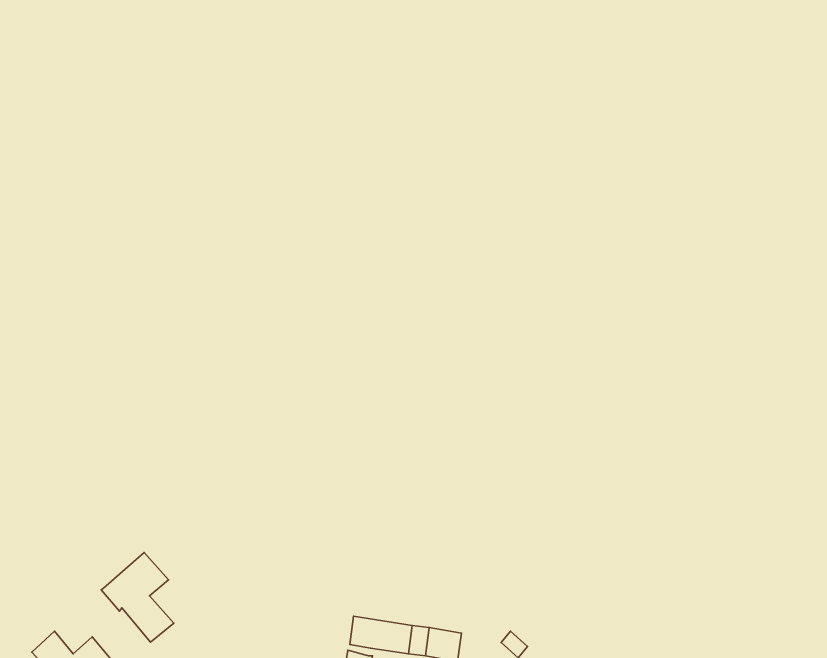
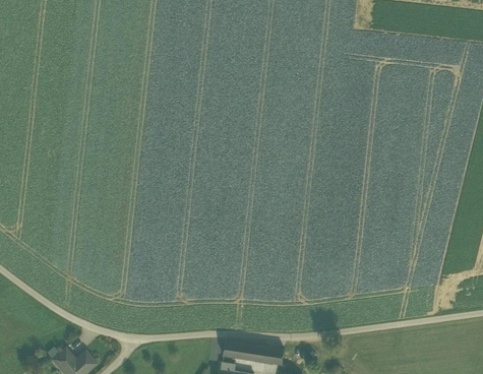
building: [101,553,174,642] -> none

